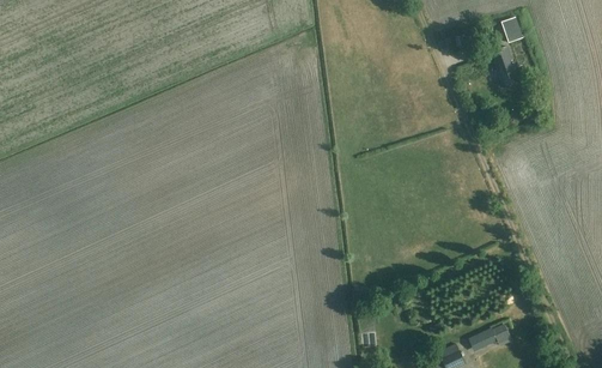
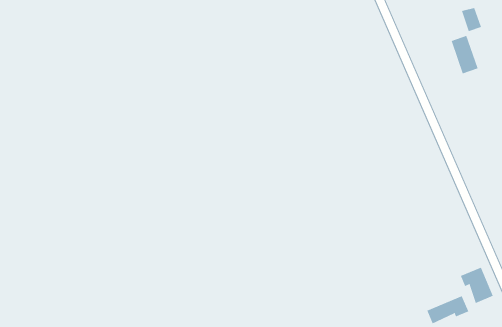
building: none -> [460,267,494,304]

